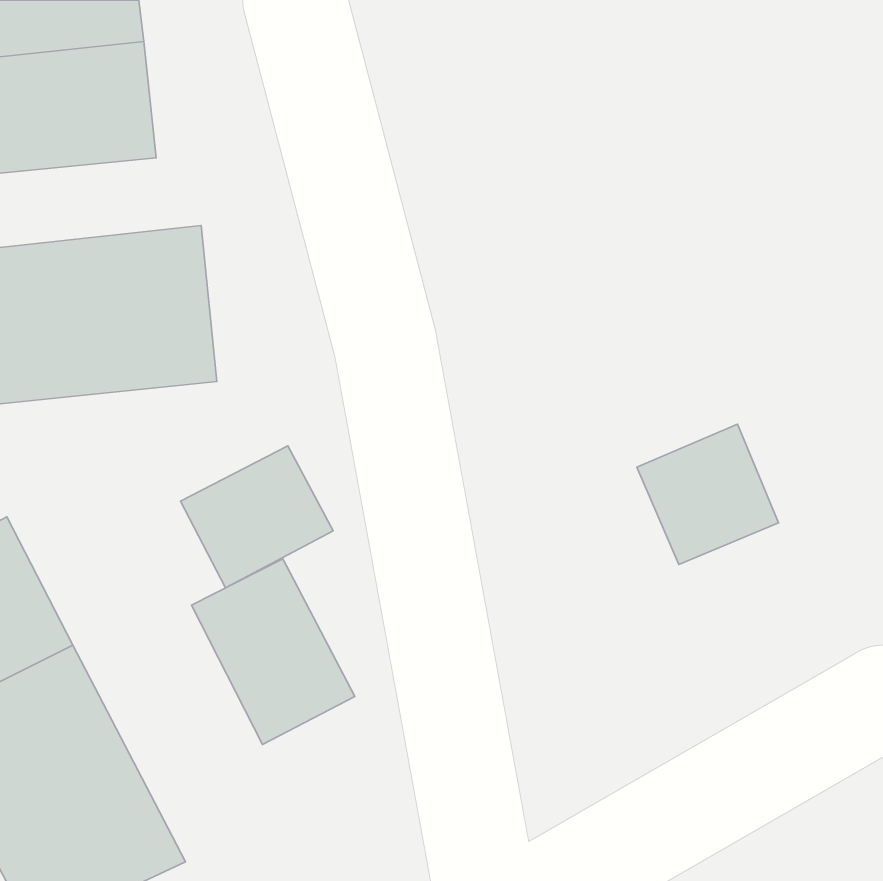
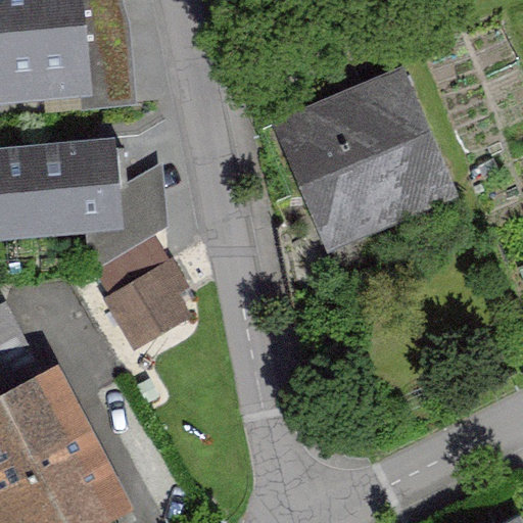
building: none -> [275,63,460,250]
building: [637,424,779,565] -> none
building: [191,559,355,744] -> none

